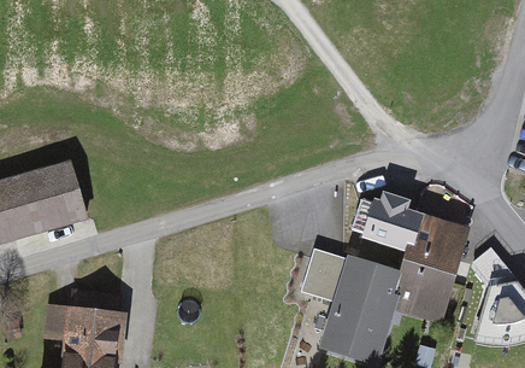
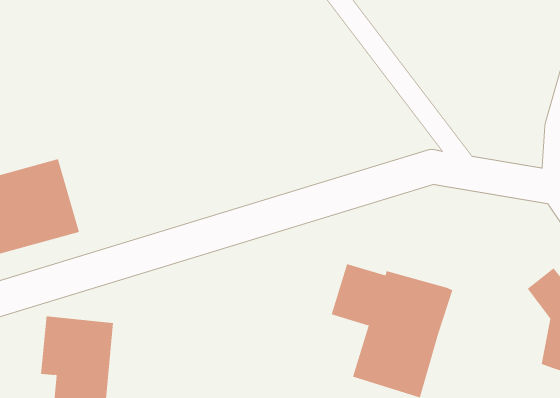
building: [353,191,470,323] -> none

